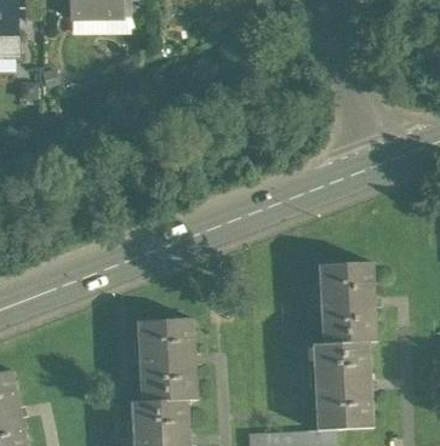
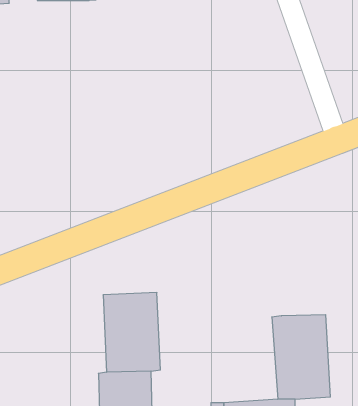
building: [318,262,375,343] -> none

